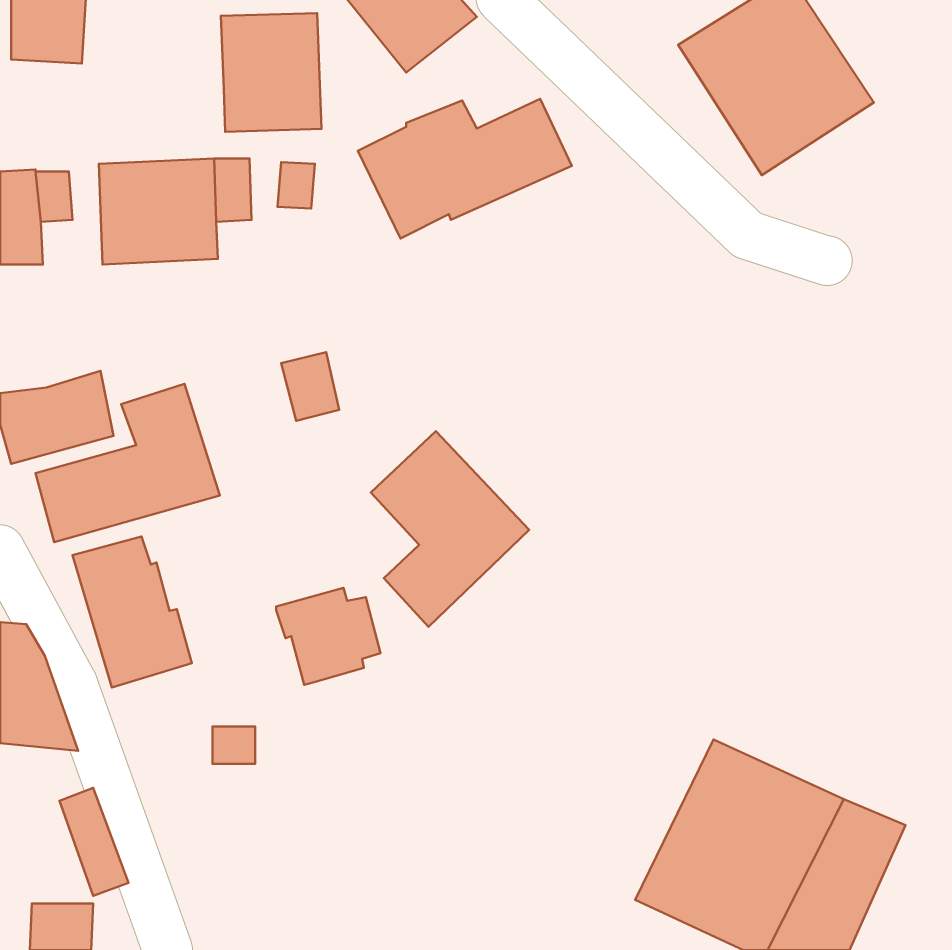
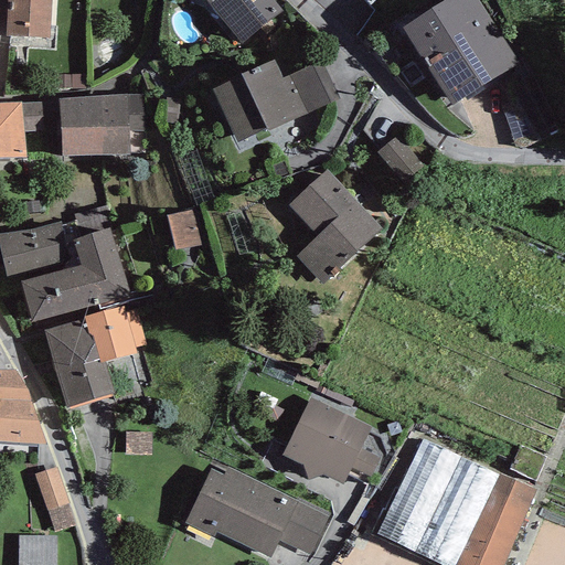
building: [221,13,322,132] -> none
building: none -> [375,134,425,184]
building: [371,431,529,627] -> [288,168,382,284]
building: [276,588,381,685] -> [84,305,146,362]
building: none -> [280,396,380,483]
building: none -> [184,467,329,557]

